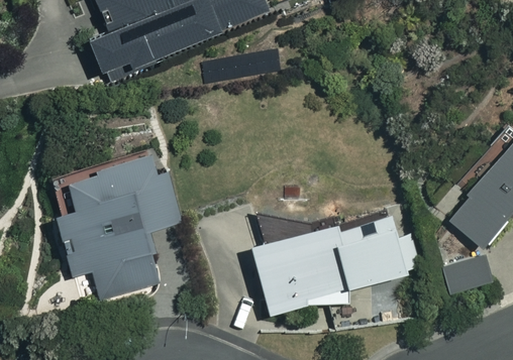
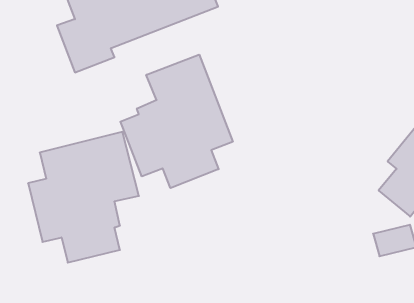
building: none -> [120,55,233,188]
building: [252,218,417,310] -> none

